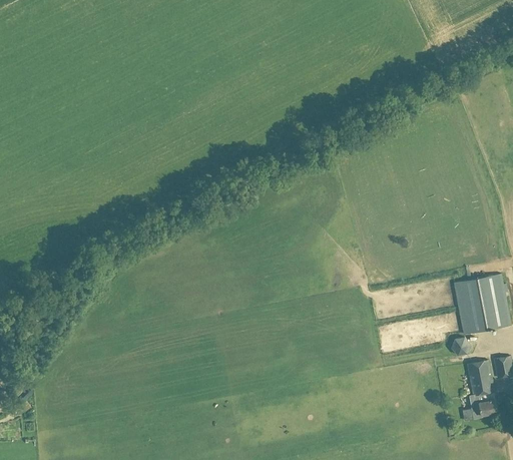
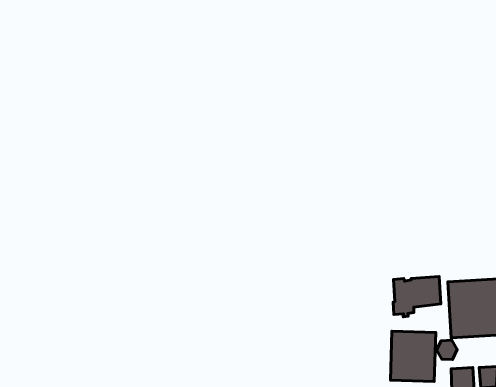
building: none -> [393,276,441,317]
building: none -> [390,331,436,382]

